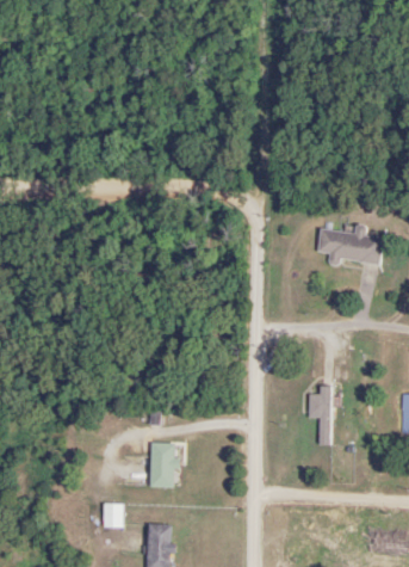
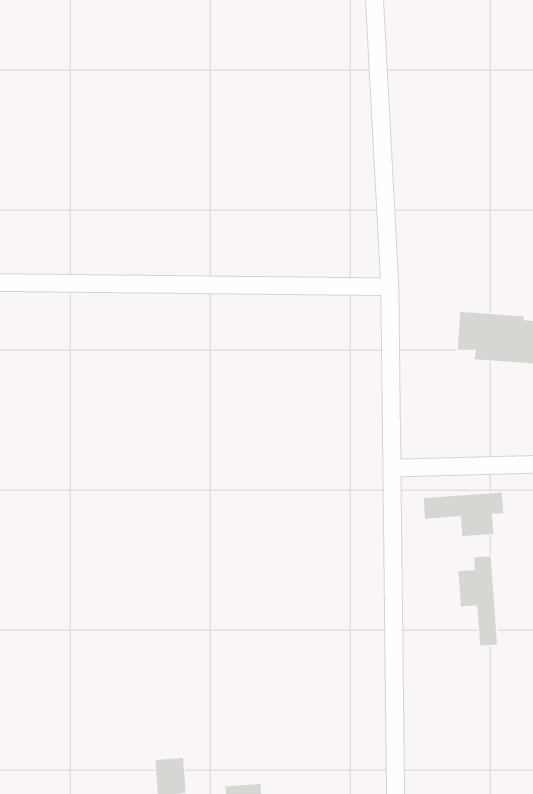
building: none -> [423,492,504,537]
building: [150,443,175,487] -> none

